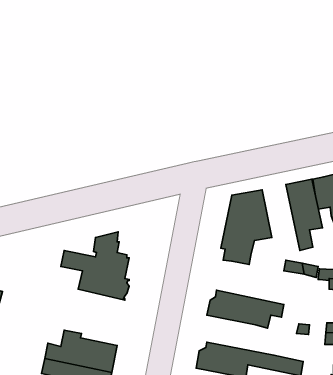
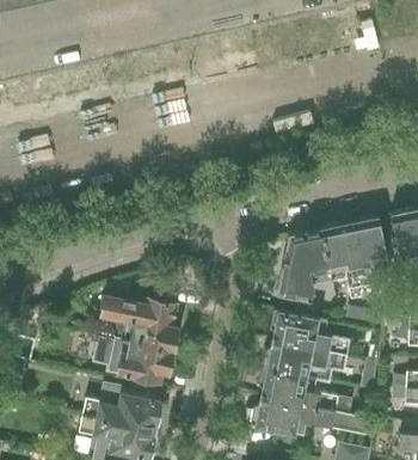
building: none -> [324,222,365,298]
building: none -> [271,309,351,355]
building: none -> [96,335,172,381]
building: none -> [259,367,339,411]

